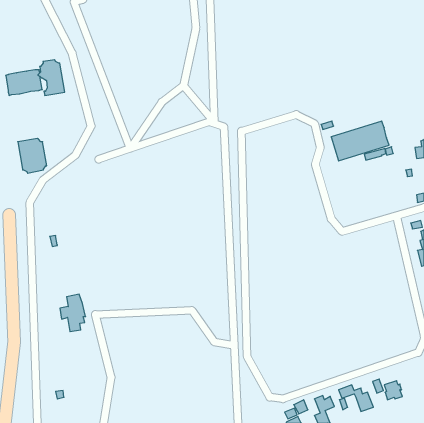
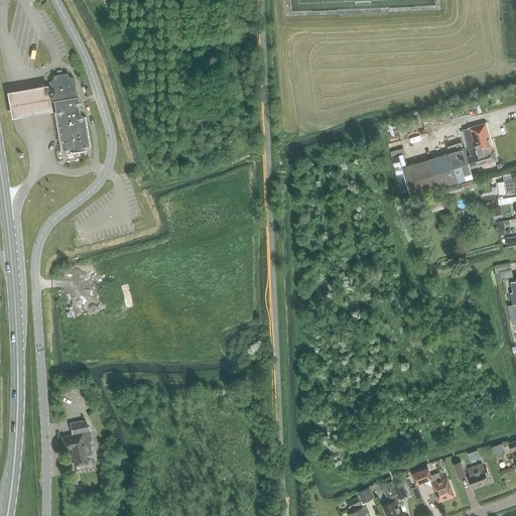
building: none -> [464,122,497,167]
building: [18,138,47,173] -> [54,112,90,154]
building: [60,294,86,332] -> [61,419,93,465]

